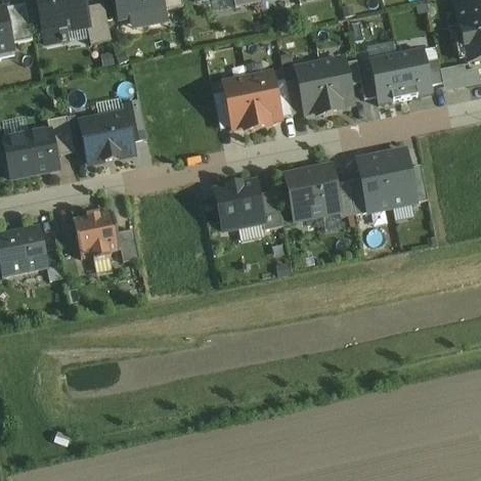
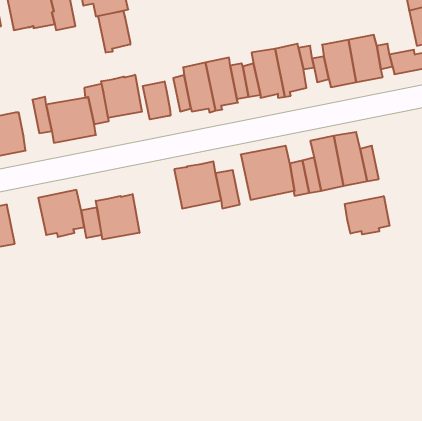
building: none -> [98,11,130,53]
building: none -> [101,75,142,118]
building: none -> [143,81,171,119]
building: [46,116,73,154] -> none
building: none -> [96,194,139,239]
building: none -> [345,196,390,234]

